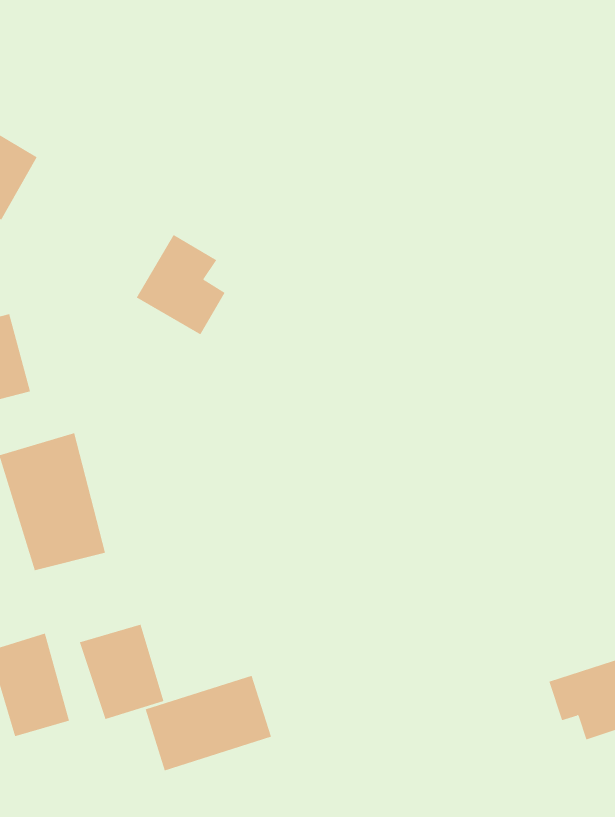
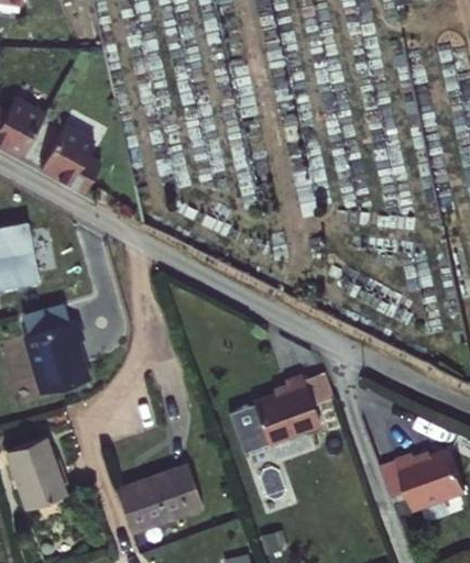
building: [136,234,225,335] -> [37,126,98,195]
building: none -> [233,375,334,453]
building: [79,624,164,720] -> none

